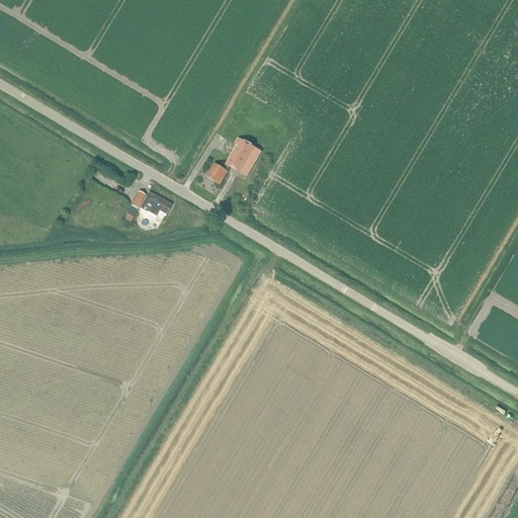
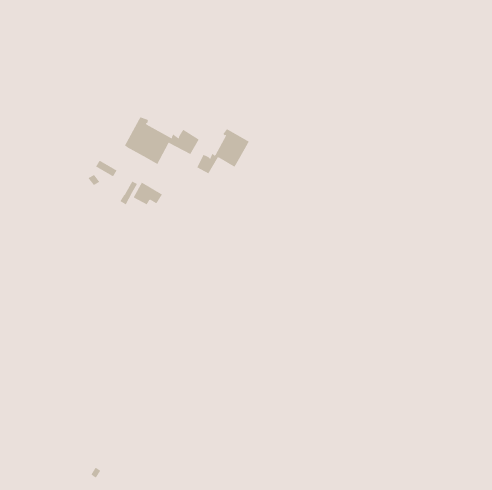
building: none -> [124,116,200,165]

